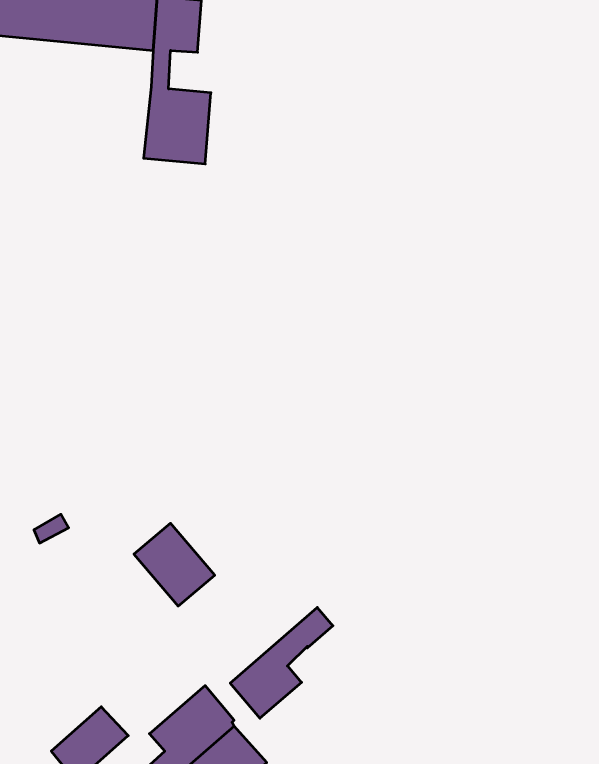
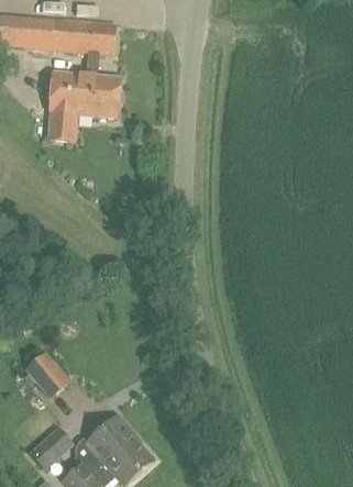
building: none -> [48,70,87,140]
building: [134,523,215,606] -> [25,352,71,399]
building: [230,607,333,718] -> none

